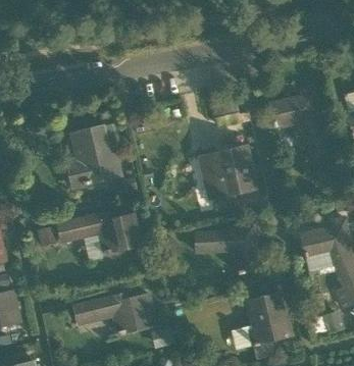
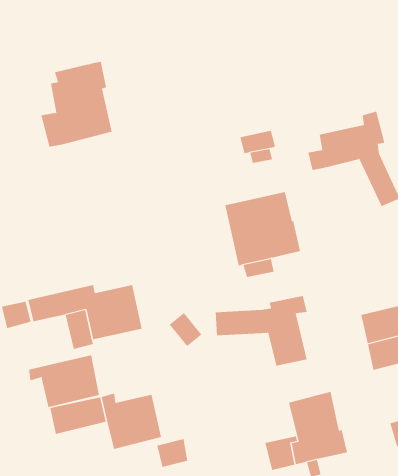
building: [67,123,120,187] -> [40,61,113,147]
building: none -> [28,355,99,408]

